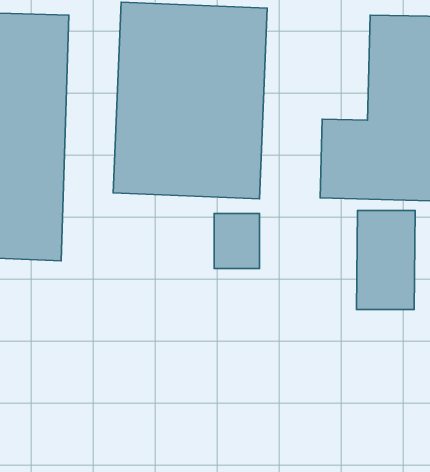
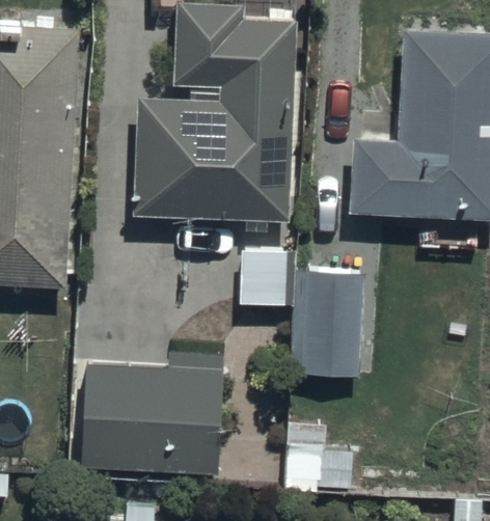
building: [356,210,415,310] -> [297,259,359,364]
building: none -> [78,362,223,475]

